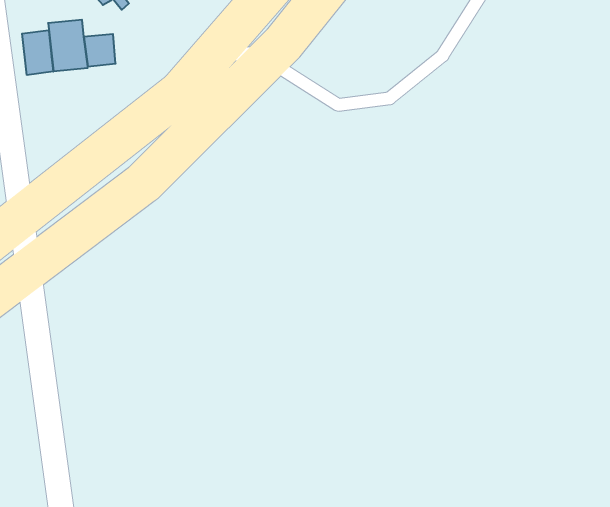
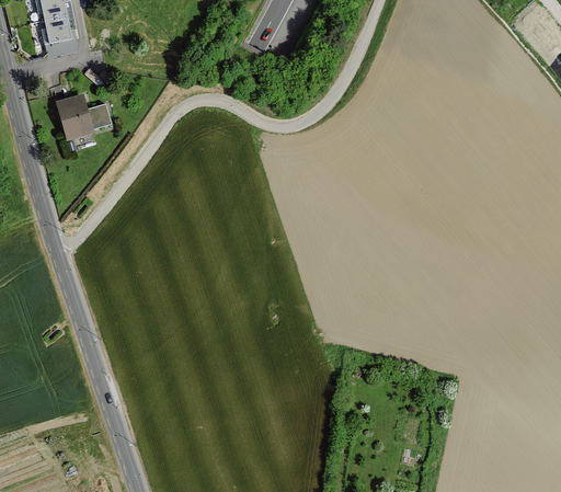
building: [22,30,53,75] -> none

